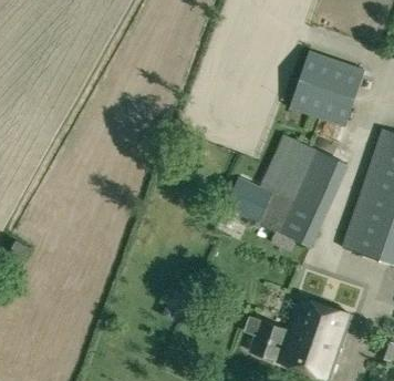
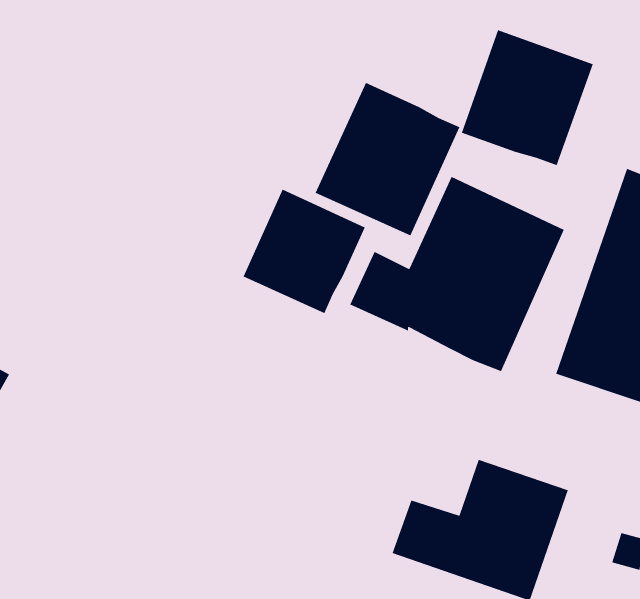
building: none -> [315,82,460,237]
building: none -> [242,189,366,314]

